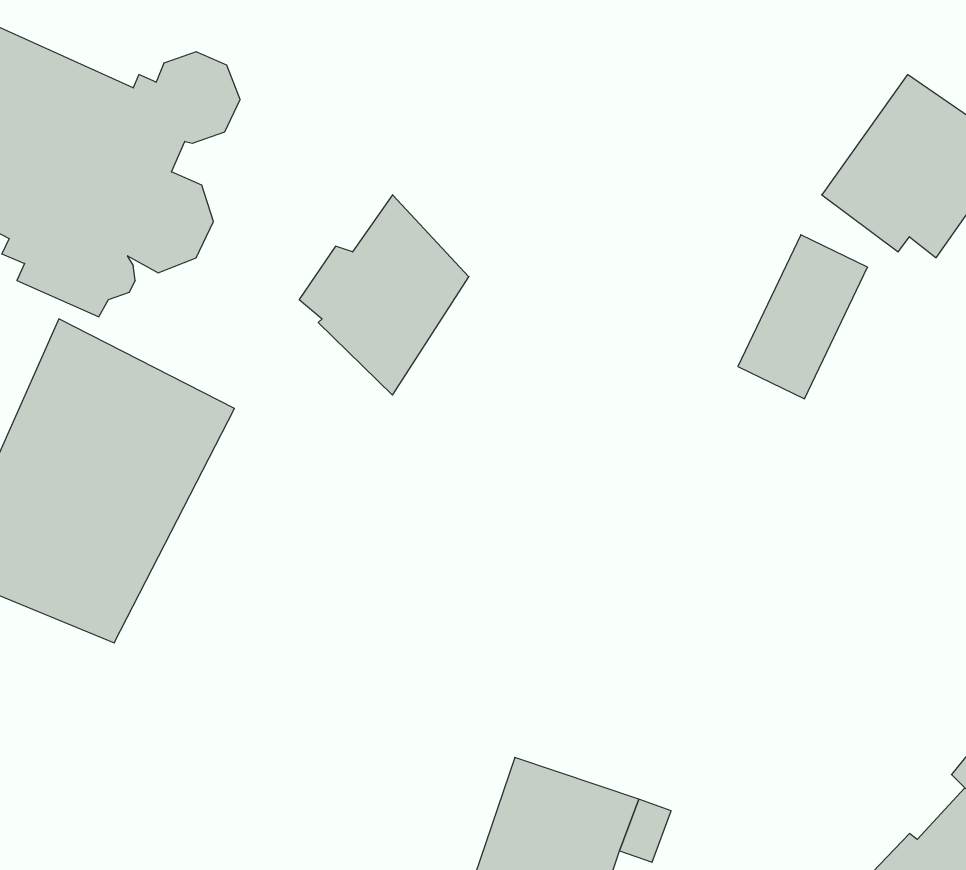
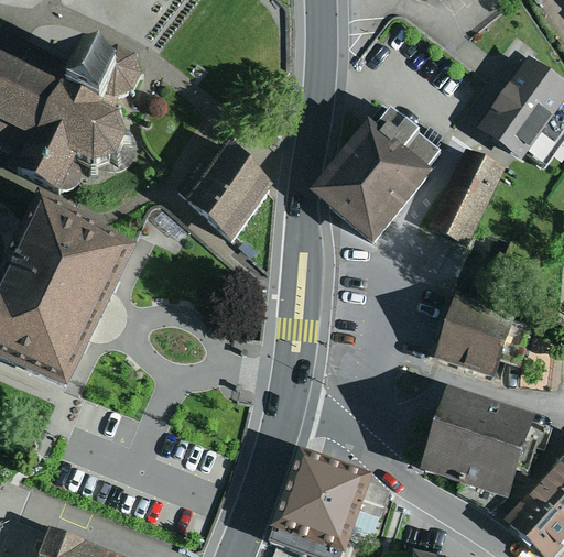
building: none -> [310,99,442,237]
building: none -> [435,294,516,375]
building: none -> [420,389,551,502]

